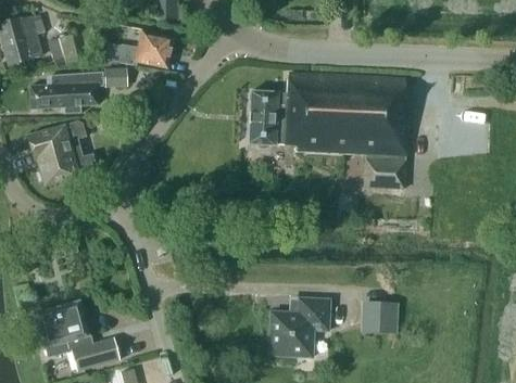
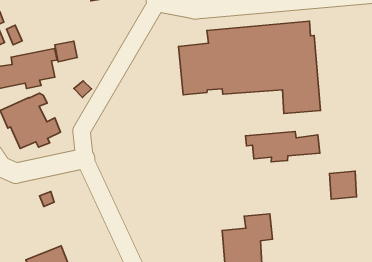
building: [105,28,175,68] -> none
building: none -> [246,132,320,162]
building: [365,301,398,332] -> [329,171,357,199]

